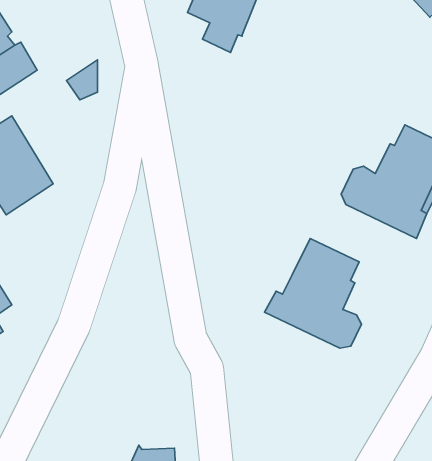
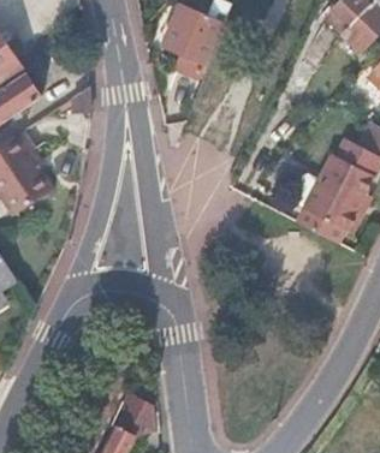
building: [264,239,362,348] -> none

